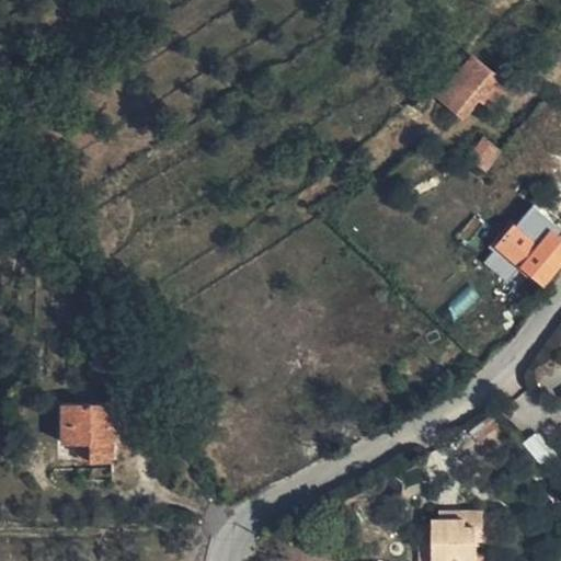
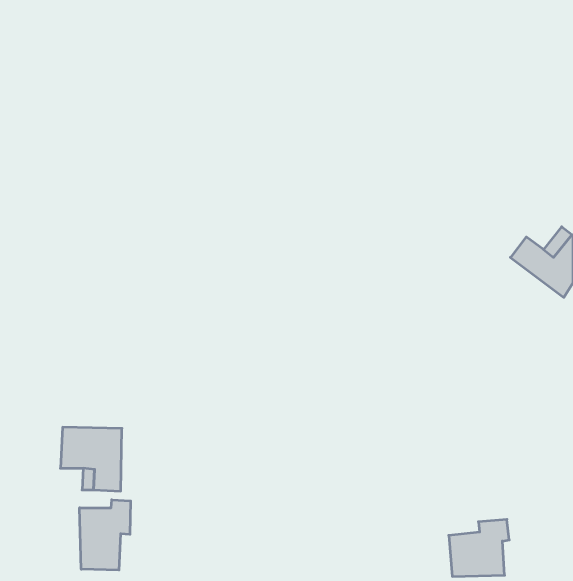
building: [431,50,499,121] -> none
building: none -> [80,500,131,570]

